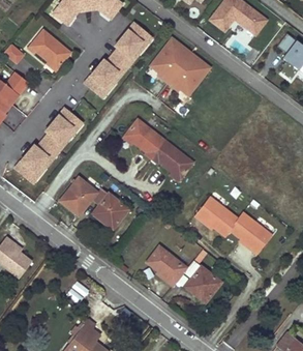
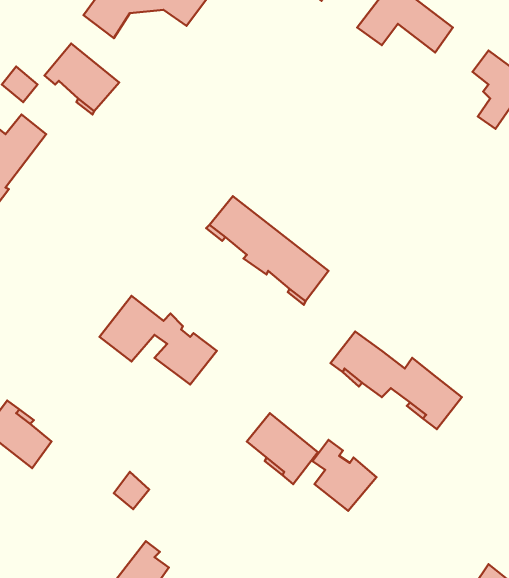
building: [83,21,153,98] -> none
building: [150,38,210,95] -> none
building: [12,107,84,184] -> none

